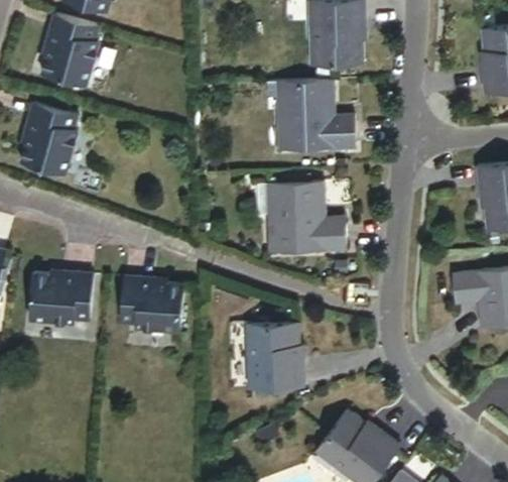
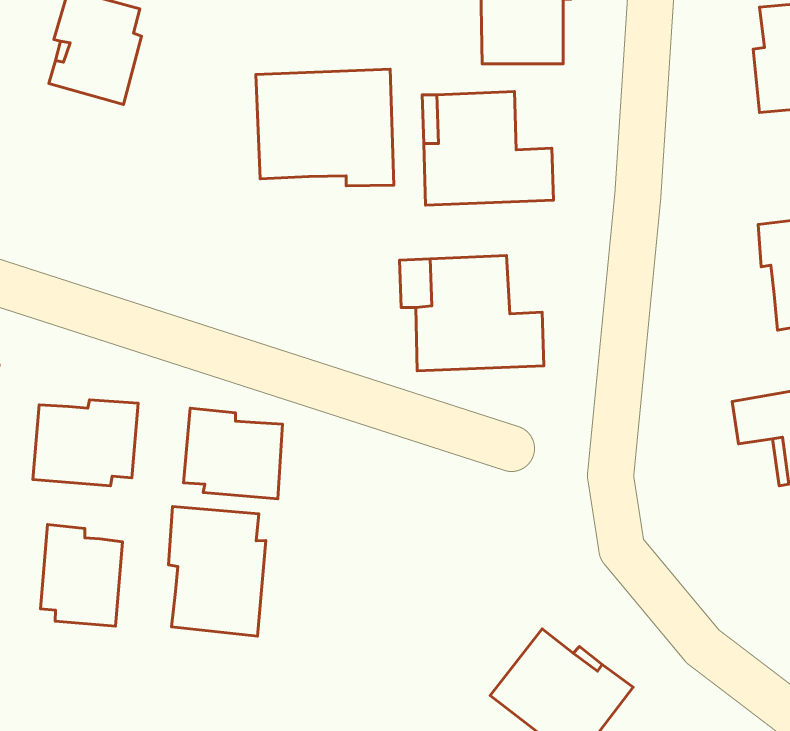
building: none -> [256,69,394,186]
building: [22,104,79,177] -> none
building: [247,325,307,391] -> none
building: none -> [168,506,266,636]
building: none -> [41,524,122,626]

